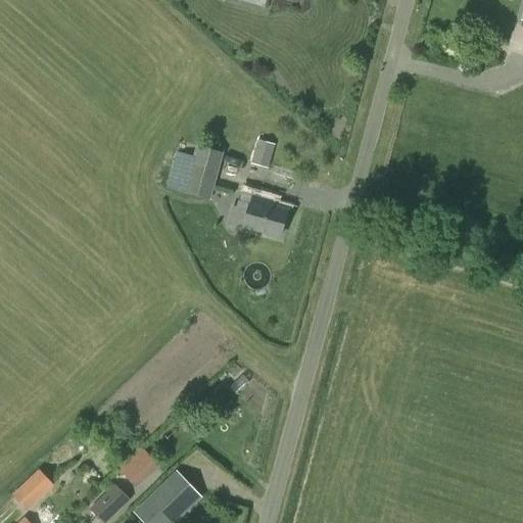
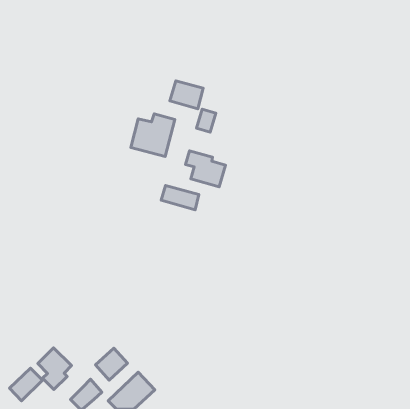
building: none -> [170,81,203,109]
building: none -> [161,186,199,210]
building: none -> [38,348,72,389]

